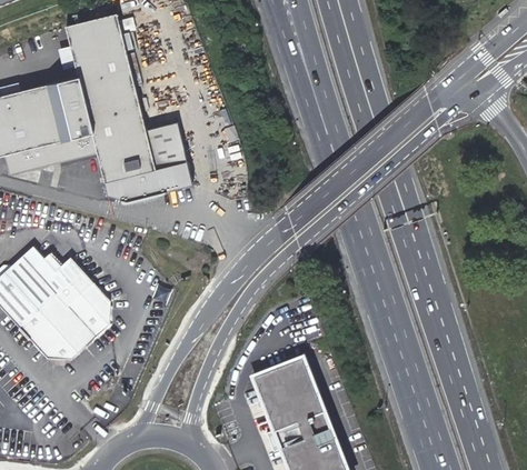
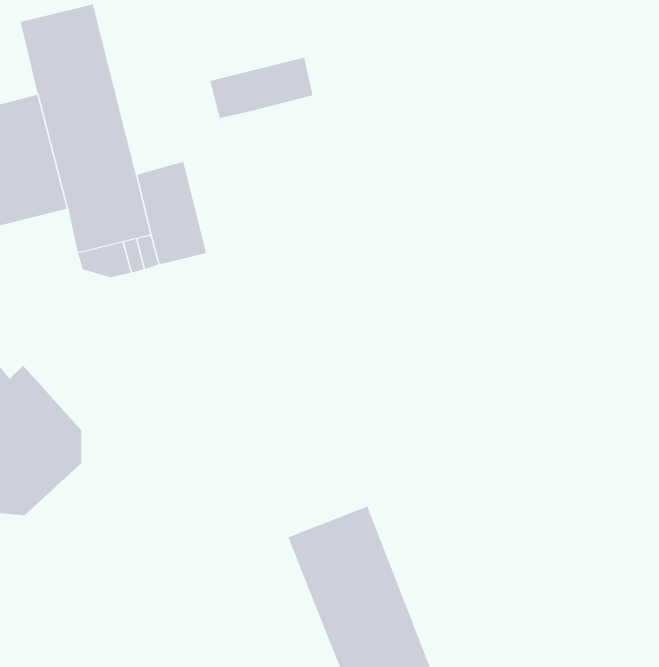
building: none -> [210,57,313,119]

